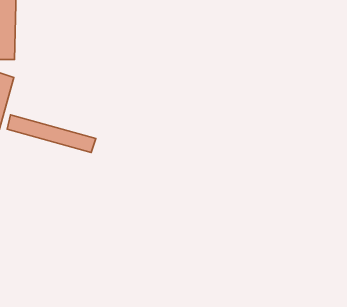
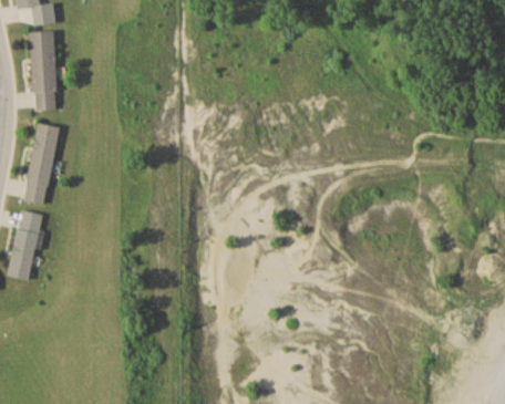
building: [7,115,96,153] -> none

